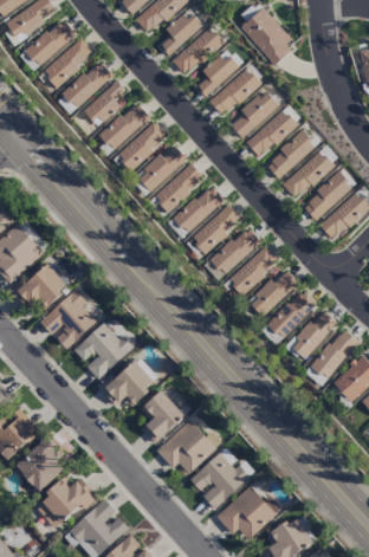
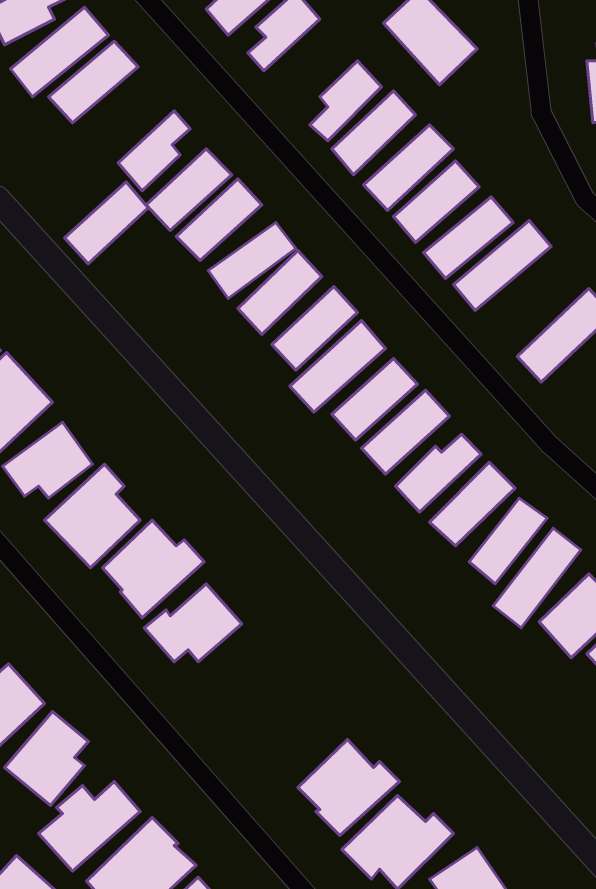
building: [171,26,224,76] -> none
building: [63,59,112,108] -> [64,182,148,264]
building: [302,168,355,220] -> none
building: [140,389,184,443] -> none
building: [155,419,222,473] -> none

